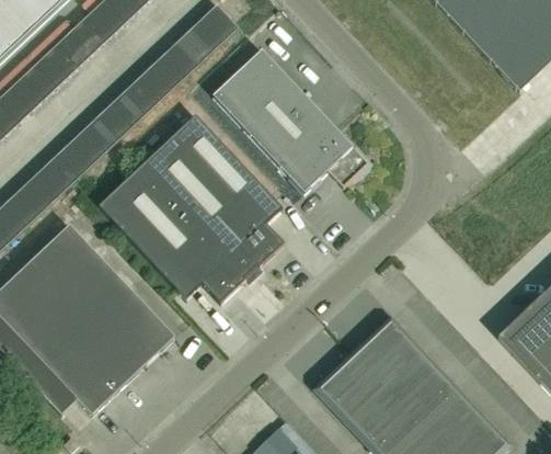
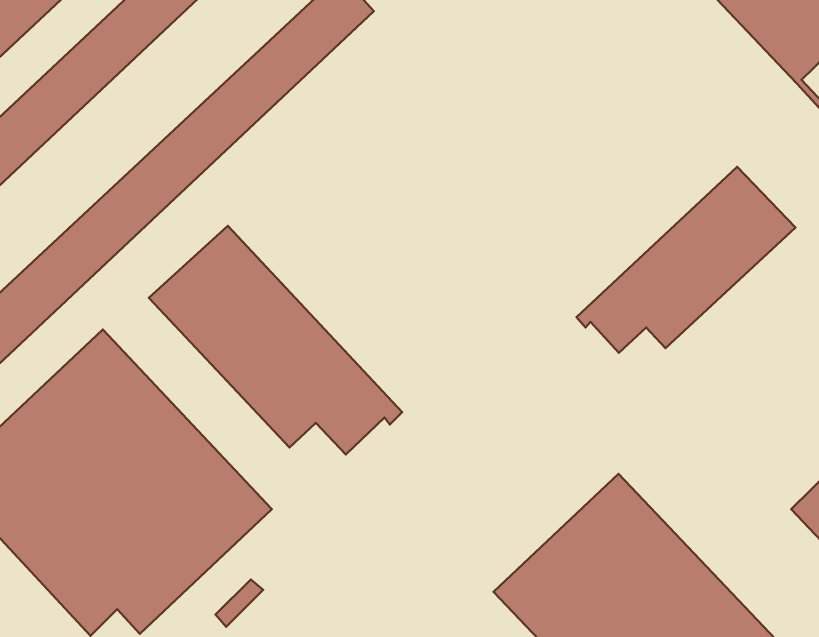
building: [211,48,368,193] -> none
building: [147,114,284,276] -> none
building: none -> [576,167,795,353]

